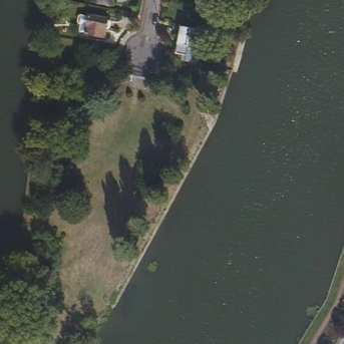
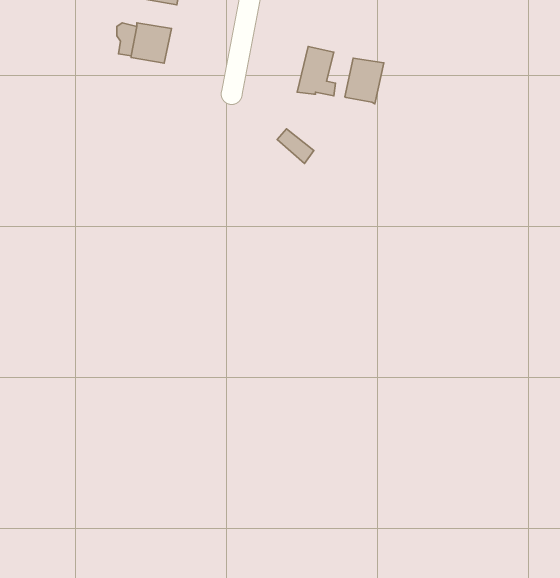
building: none -> [345,58,384,104]

